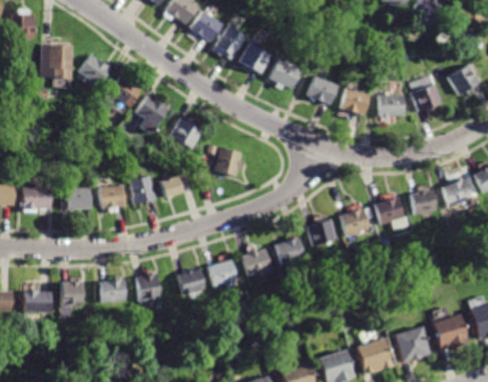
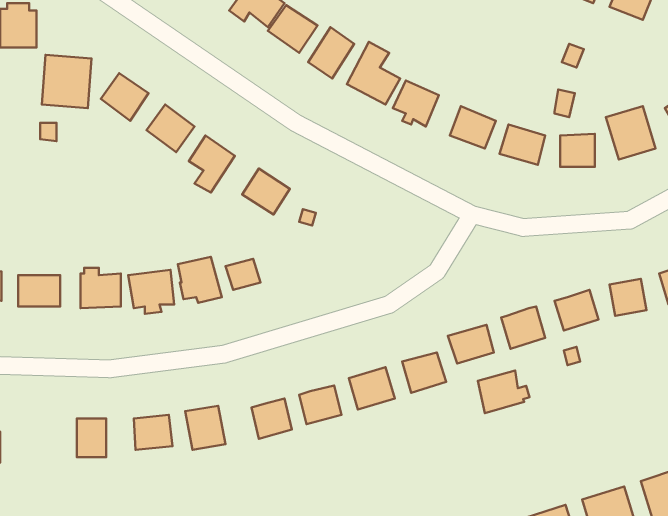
building: [216,147,242,176] -> none
building: none -> [478,370,529,413]
building: [24,290,52,312] -> none

